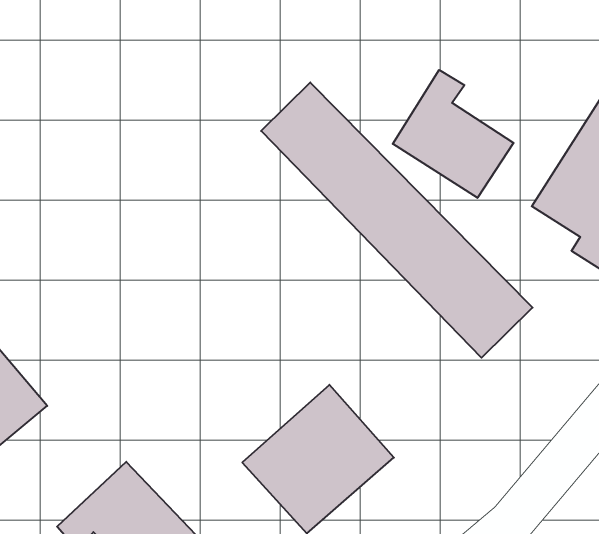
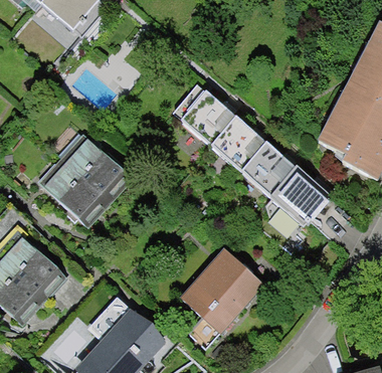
building: [393,70,514,198] -> none
building: none -> [43,142,122,220]

